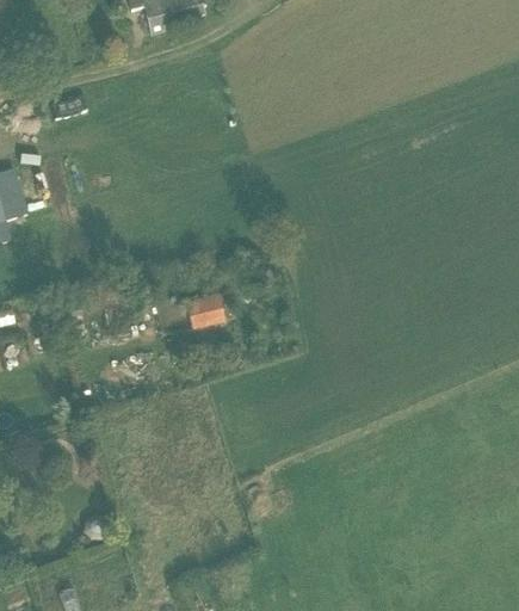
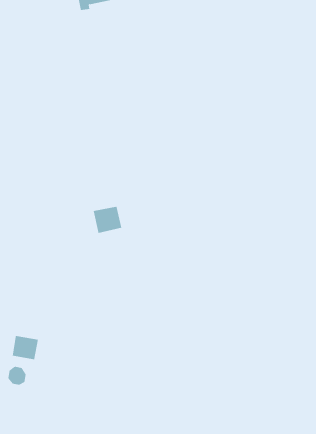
building: none -> [12,335,39,360]

